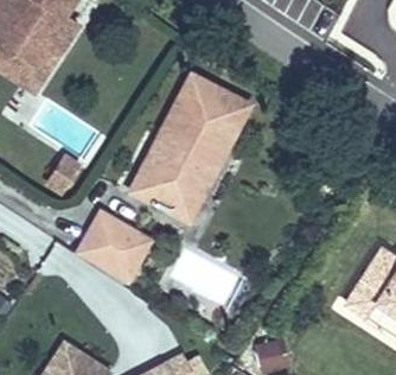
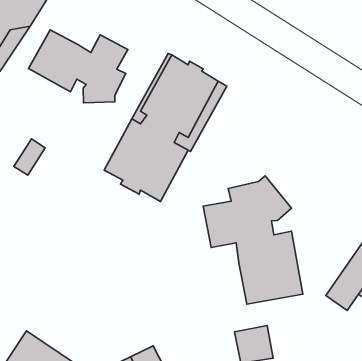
building: none -> [29,30,128,103]
building: none -> [203,176,303,304]
building: [77,214,148,281] -> none

